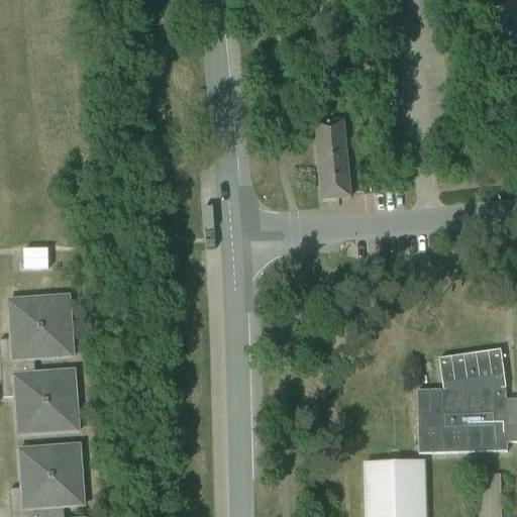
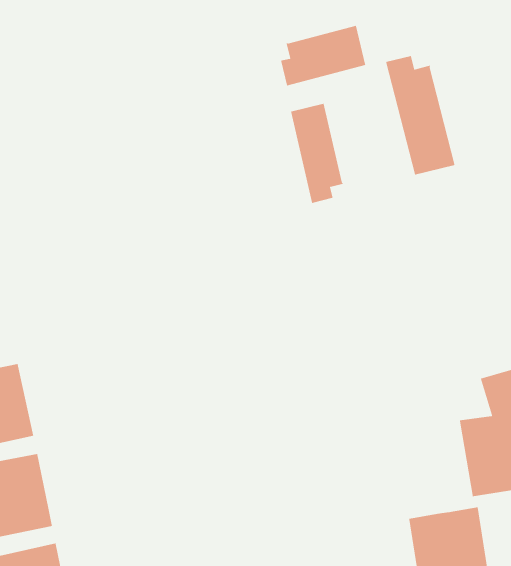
building: none -> [280,25,366,86]
building: none -> [385,55,456,176]

